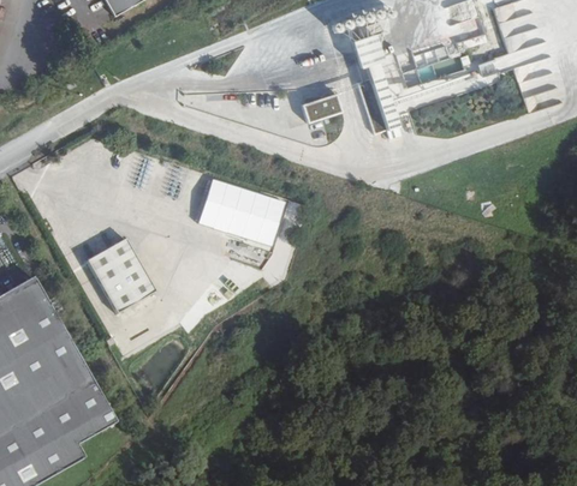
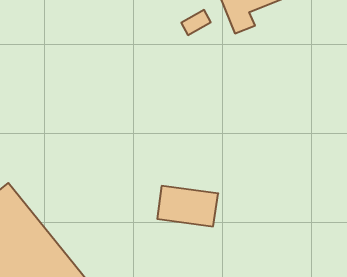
building: [198,178,286,244] -> [157,186,218,226]
building: [85,236,155,312] -> none

